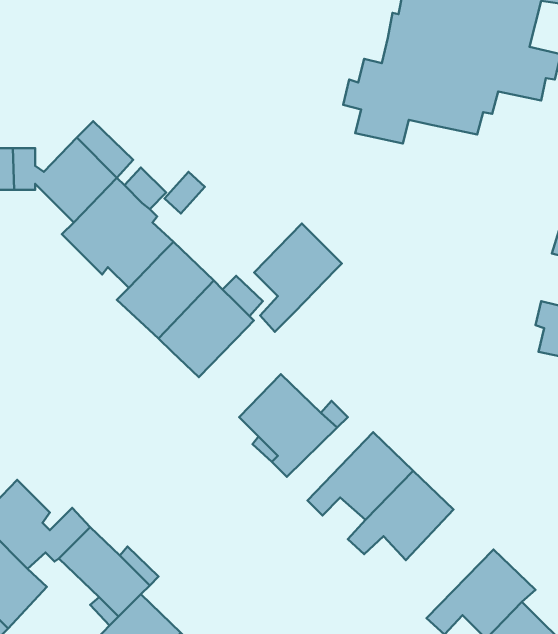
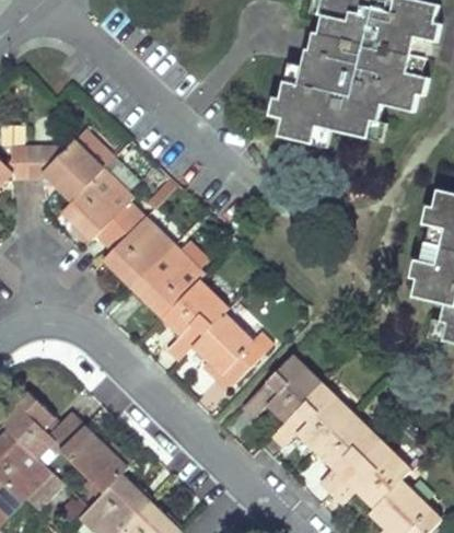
building: [254,223,342,332] -> [163,279,228,359]
building: none -> [315,413,380,493]

